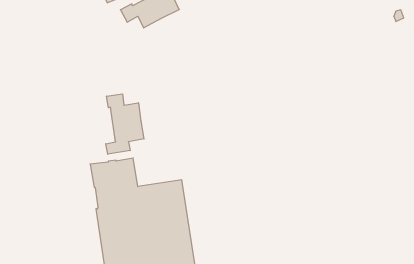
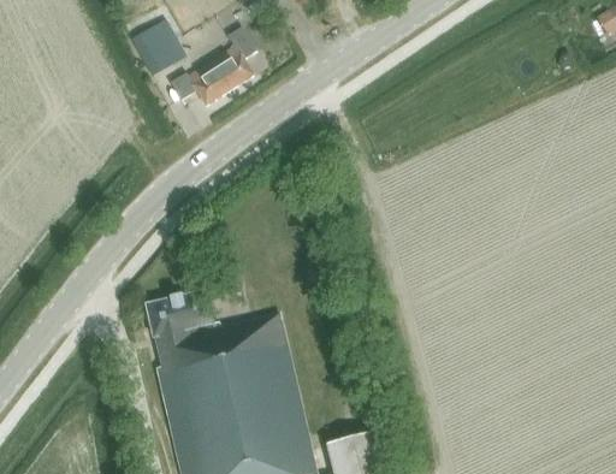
building: [106,94,144,154] -> none

